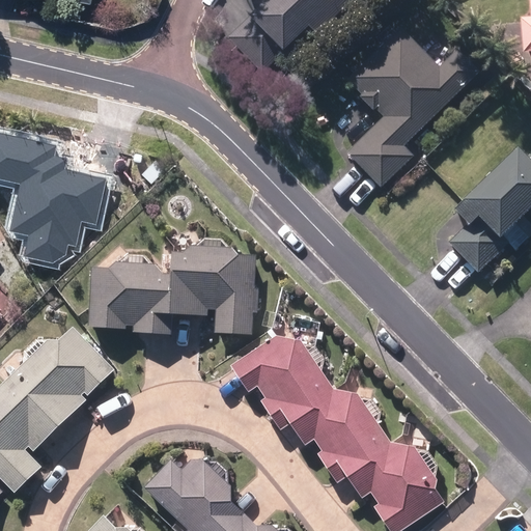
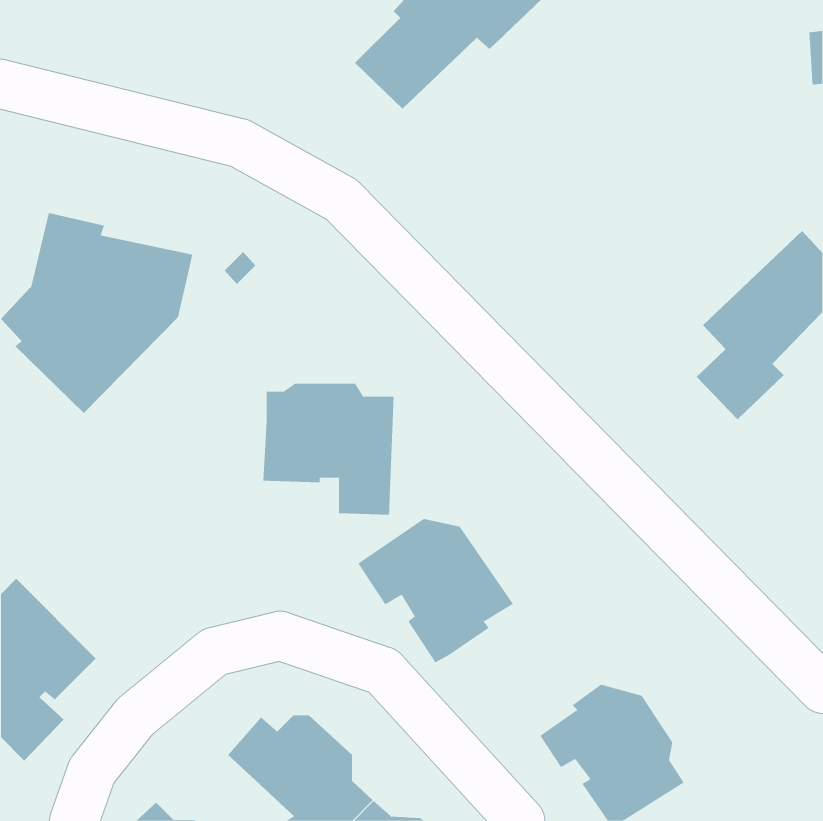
building: [348,30,480,190] -> none
building: [90,263,173,332] -> none
building: [10,326,115,424] -> none
building: [289,389,387,481] -> none

